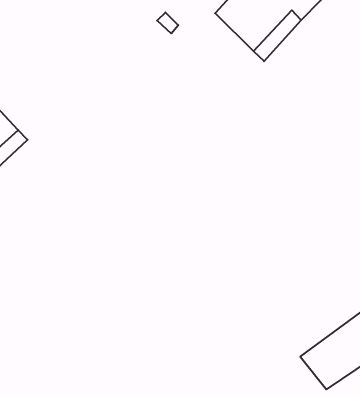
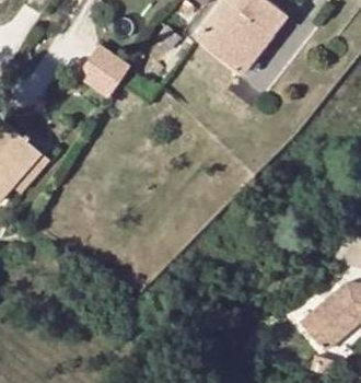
building: none -> [77,39,132,95]

